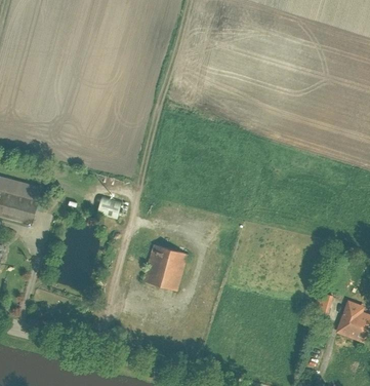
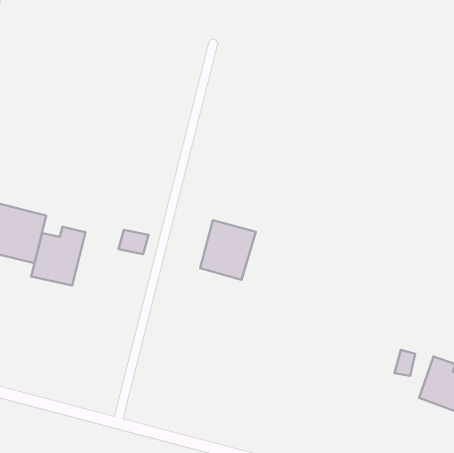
building: none -> [31,227,86,286]
building: [142,243,187,291] -> [200,220,256,280]

